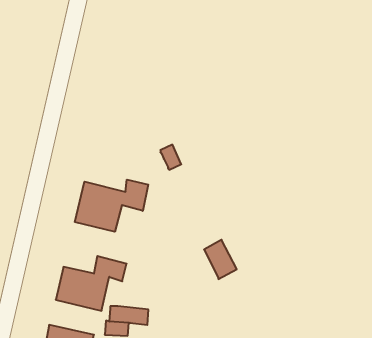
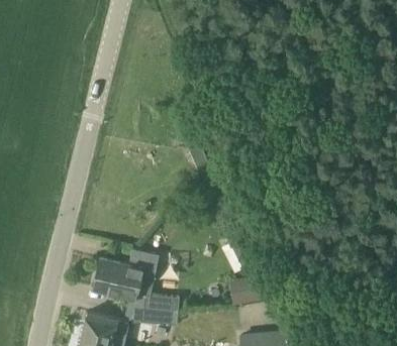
building: [75,180,148,232] -> none
building: none -> [228,272,264,305]

